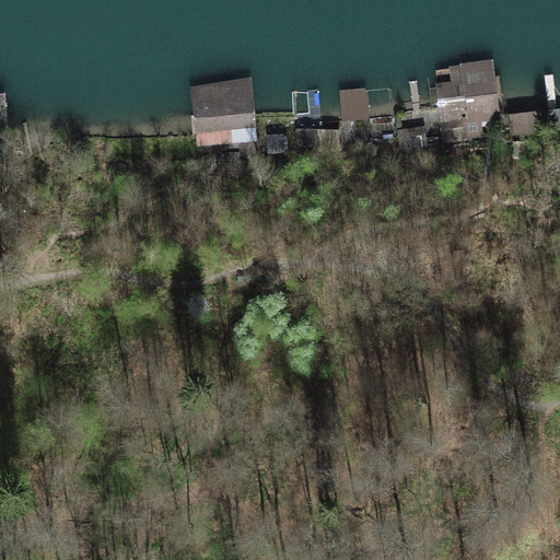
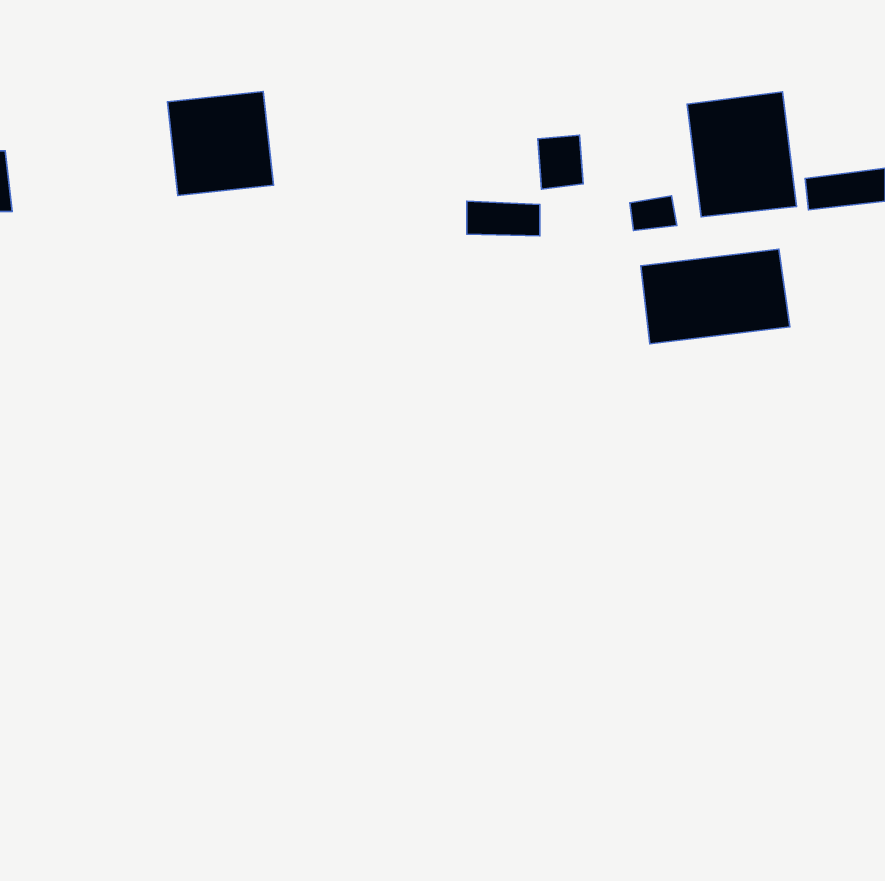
building: [188,78,255,143] -> [168,92,273,196]
building: none -> [641,249,790,344]

